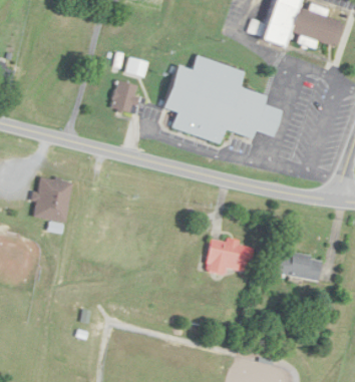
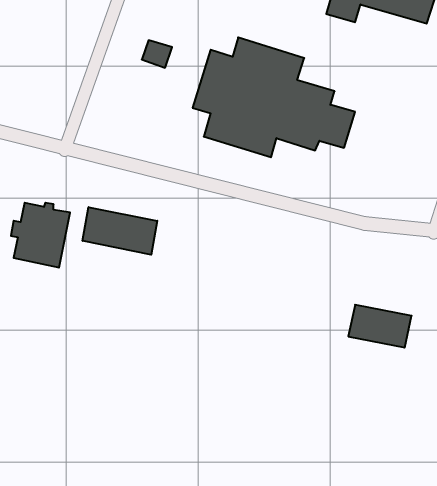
building: [110,79,140,114] -> none
building: none -> [83,207,157,255]
building: [204,236,254,274] -> none

